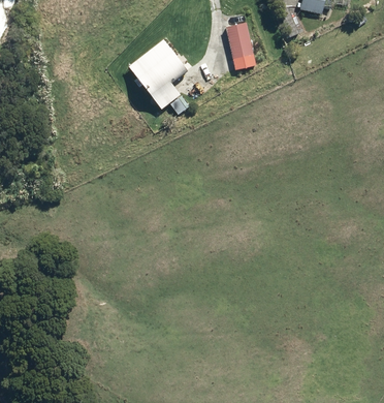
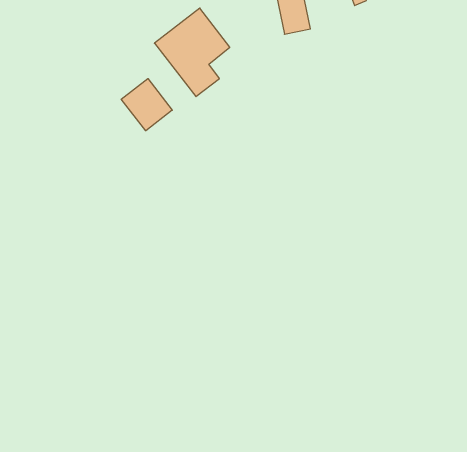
building: none -> [121,79,172,131]

